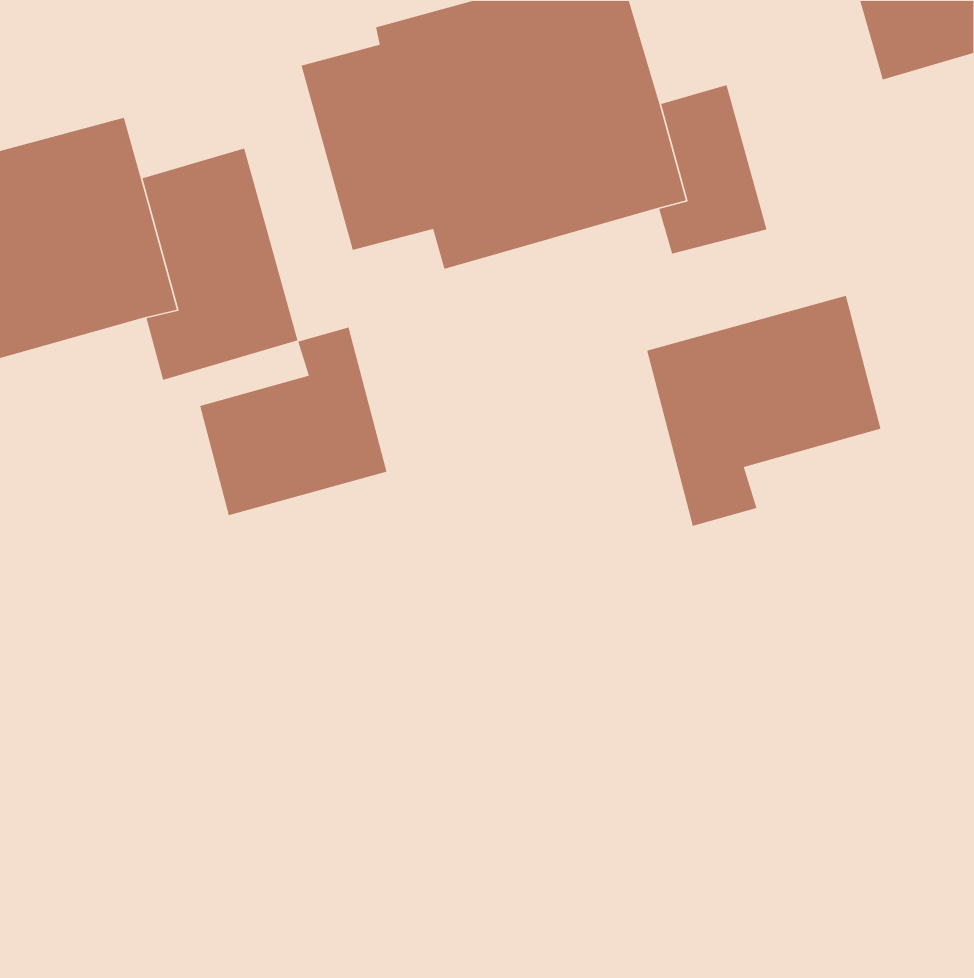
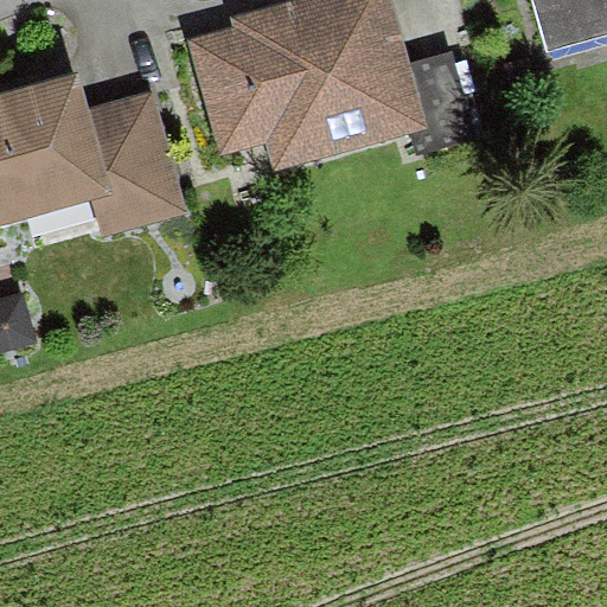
building: [646,295,882,527] -> none
building: [199,326,387,516] -> none

